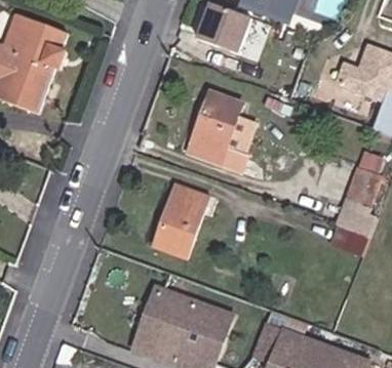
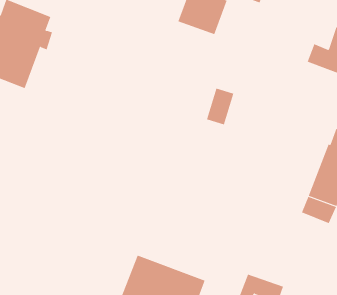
building: [188,91,240,162] -> none
building: [155,186,205,256] -> none

